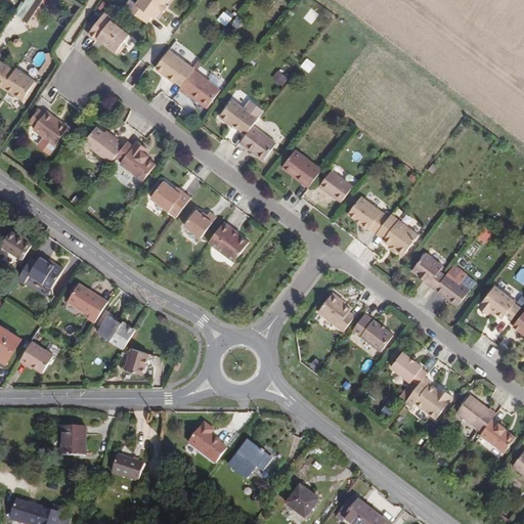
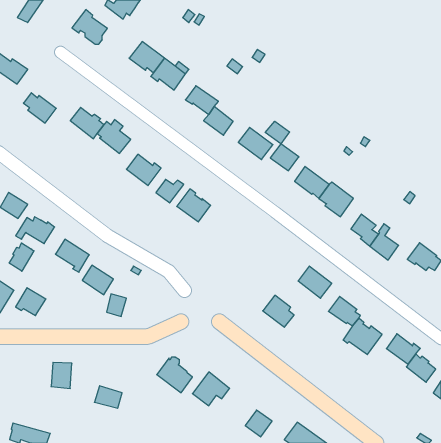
building: none -> [265,121,290,144]
building: none -> [9,243,34,271]
building: [315,293,352,331] -> [263,295,294,327]

